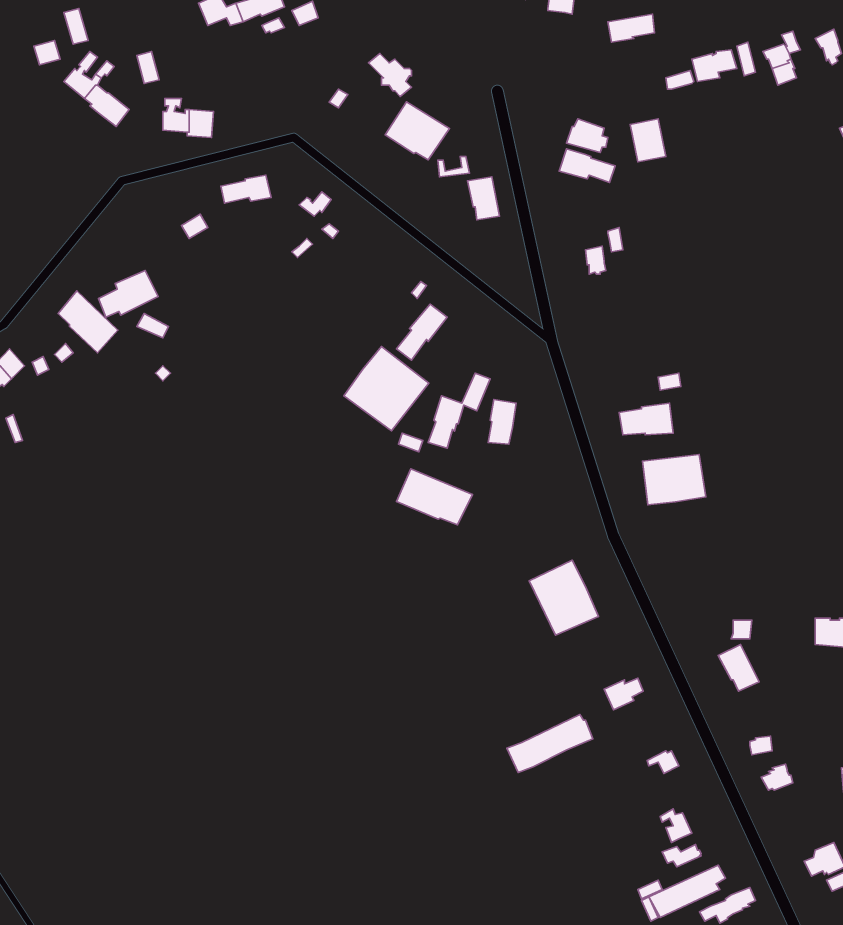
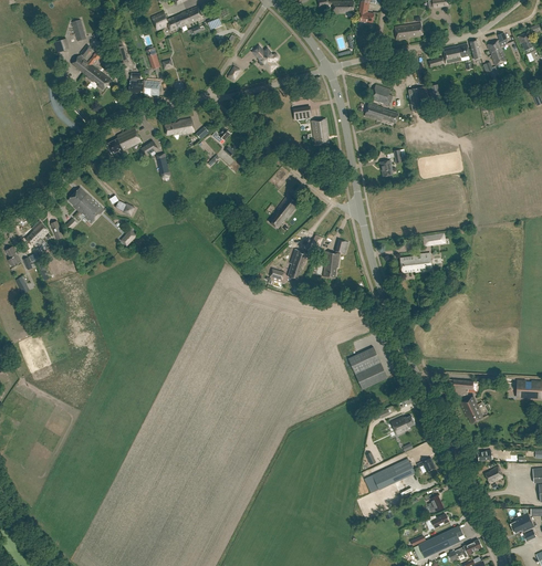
building: [385,102,450,160] -> none
building: [98,270,158,317] -> [107,126,143,154]
building: [344,346,429,431] -> none
building: [642,454,706,505] -> none
building: [397,469,473,525] -> none
building: [507,714,593,772] -> [364,458,415,492]

